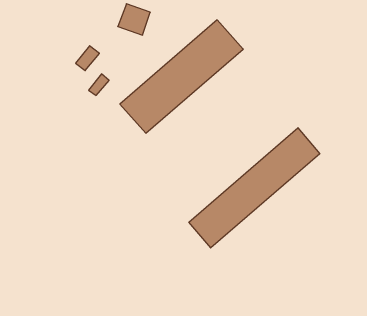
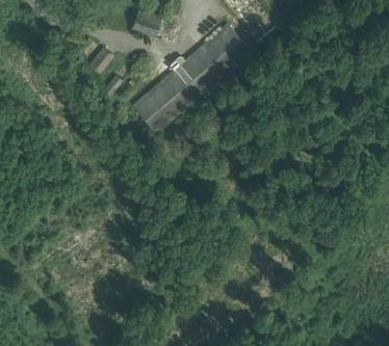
building: [189,128,320,248] -> none

